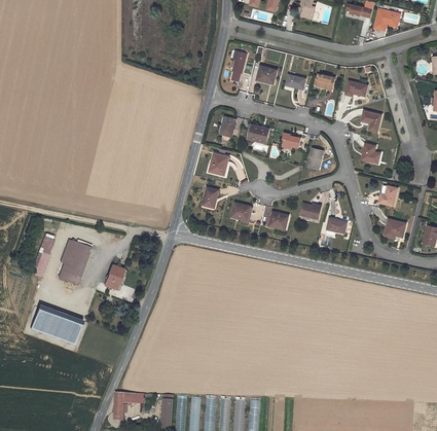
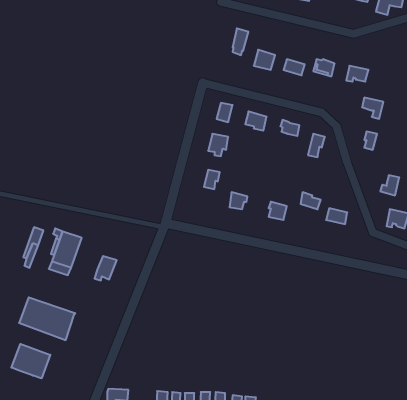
building: none -> [11,344,50,378]

